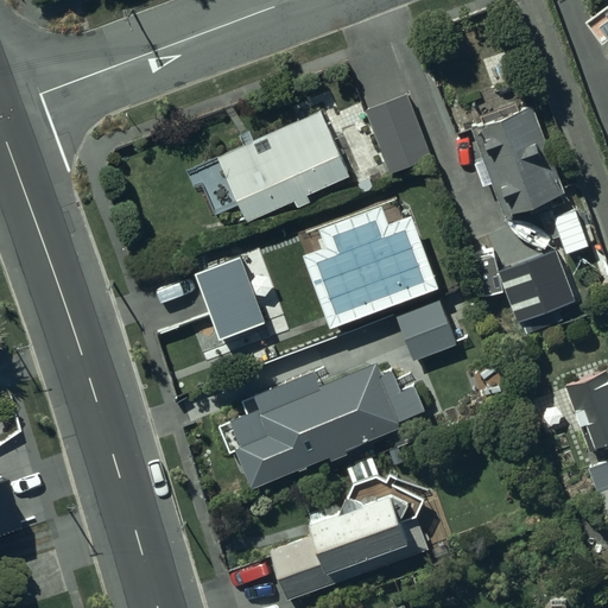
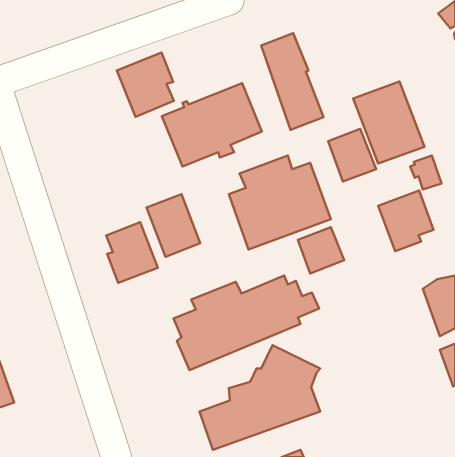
building: none -> [117,53,174,117]
building: none -> [328,129,376,182]
building: none -> [106,222,158,283]

